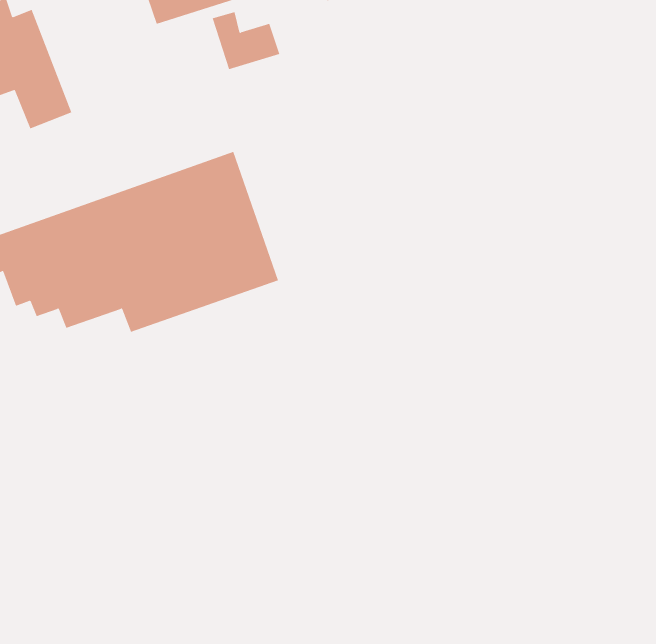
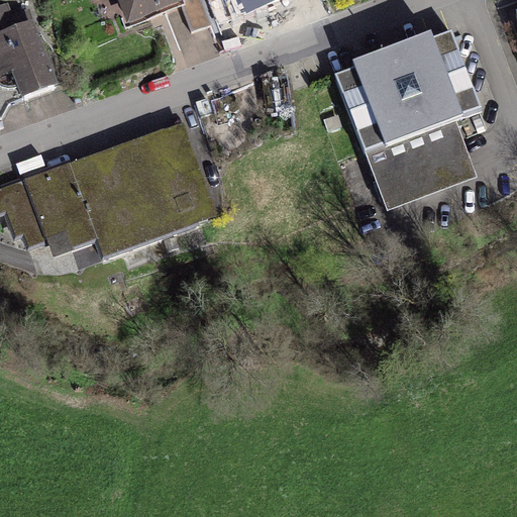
building: none -> [334,31,480,209]

